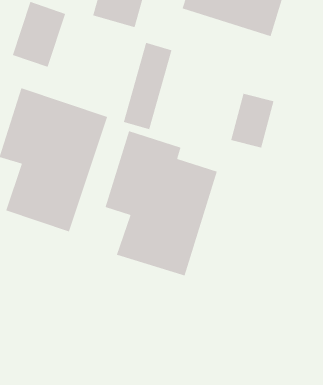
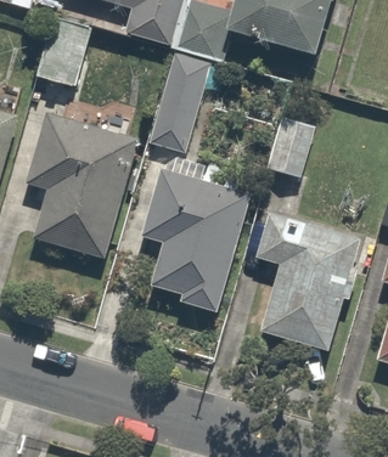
building: none -> [252,187,364,352]

